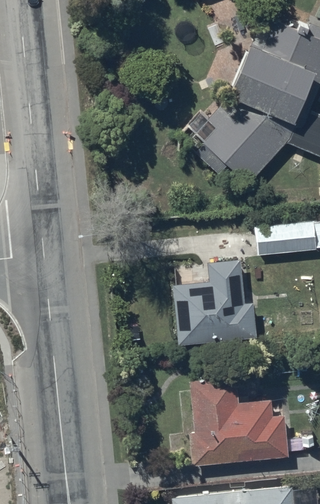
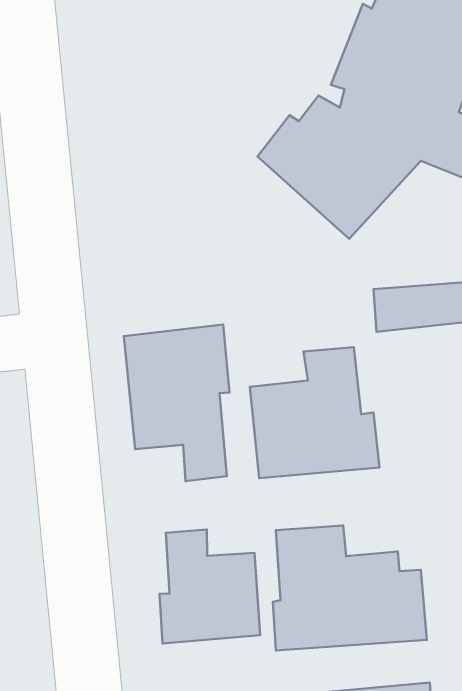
building: none -> [124,324,230,481]
building: none -> [159,529,260,643]

